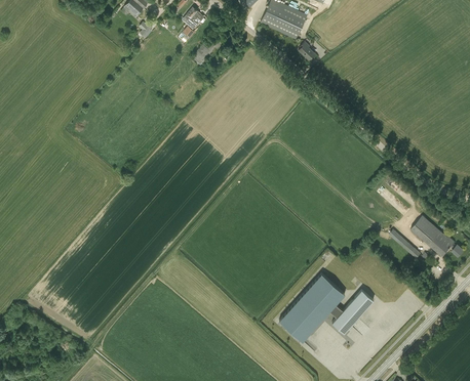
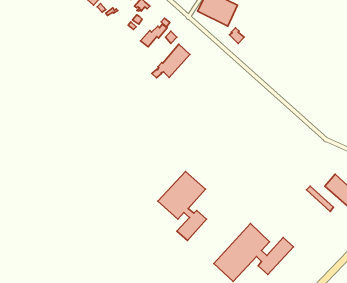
building: none -> [152,44,190,78]
building: none -> [158,171,206,241]

